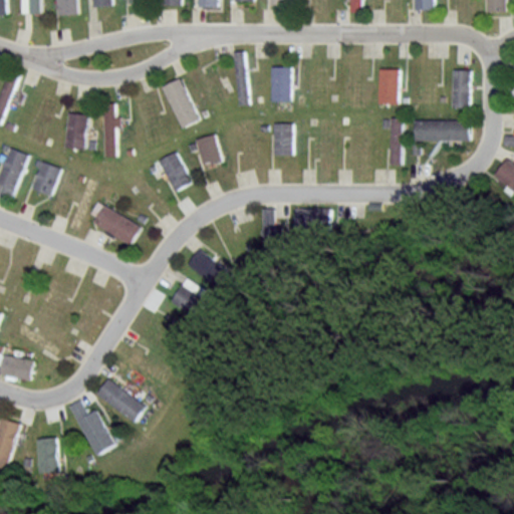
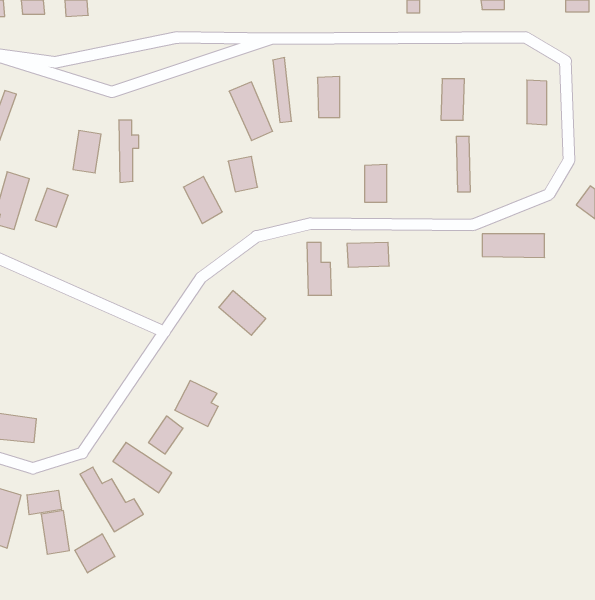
building: [161,78,198,128] -> [229,82,273,141]
building: [414,120,467,141] -> [482,234,545,258]
building: [274,122,293,155] -> [365,164,387,202]
building: [88,201,139,245] -> none
building: [171,278,208,317] -> [175,381,218,426]
building: none -> [149,416,183,454]
building: none -> [27,490,61,515]
building: none -> [75,534,115,573]

